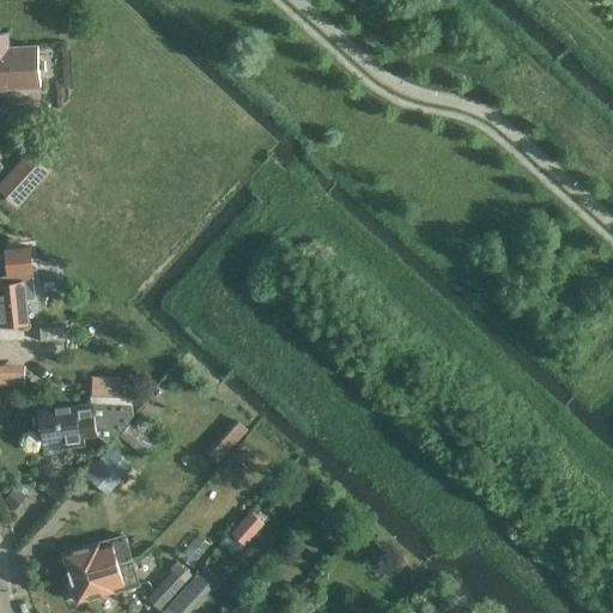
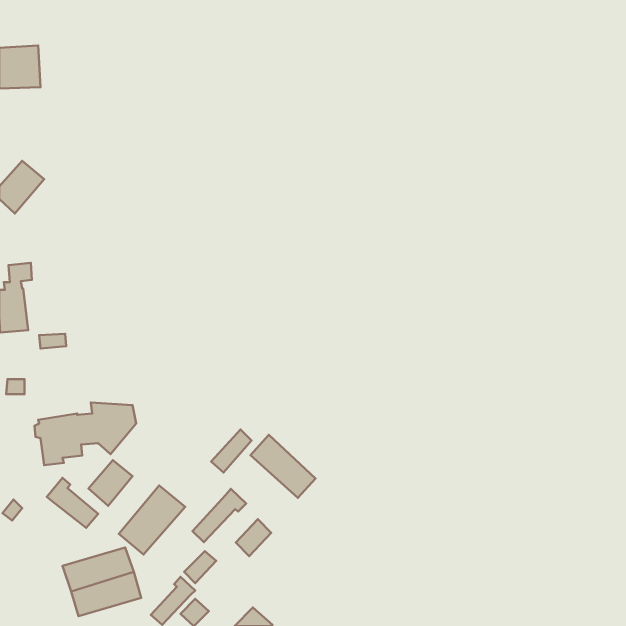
building: none -> [251,435,315,498]
building: none -> [47,478,98,528]
building: none -> [119,485,185,555]
building: none -> [192,489,246,542]

